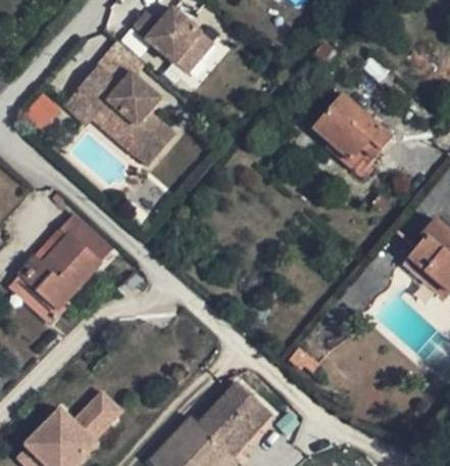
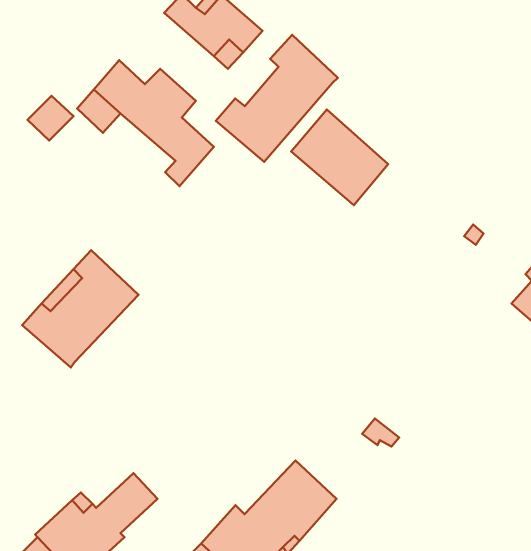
building: none -> [216,35,338,162]
building: [312,94,390,171] -> [291,109,388,205]
building: [8,275,64,325] -> none

